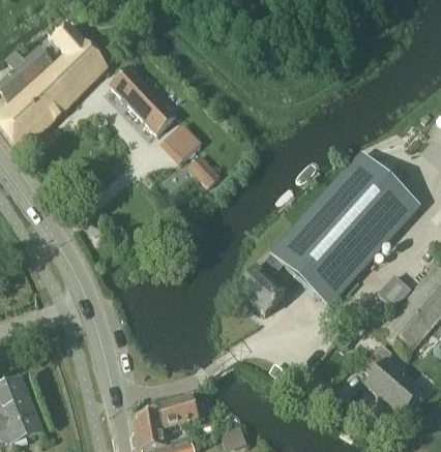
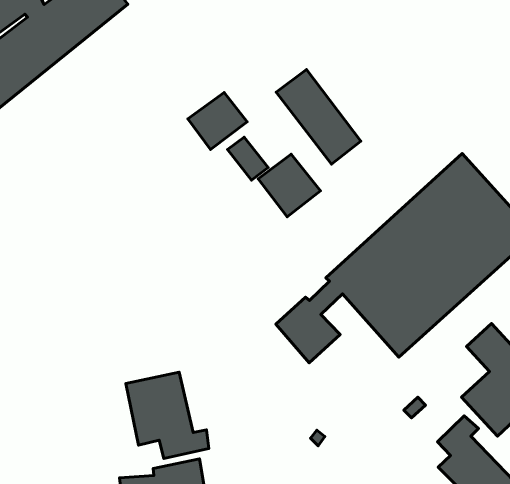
building: [111,65,176,132] -> [276,70,361,164]
building: none -> [258,154,321,217]
building: none -> [126,372,209,458]

